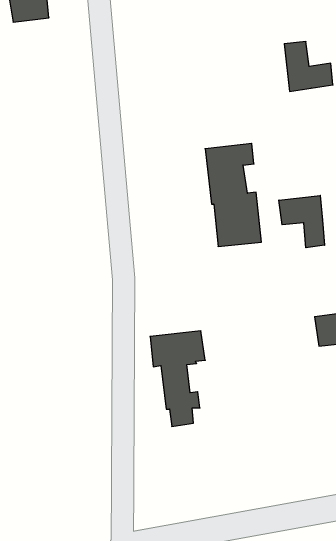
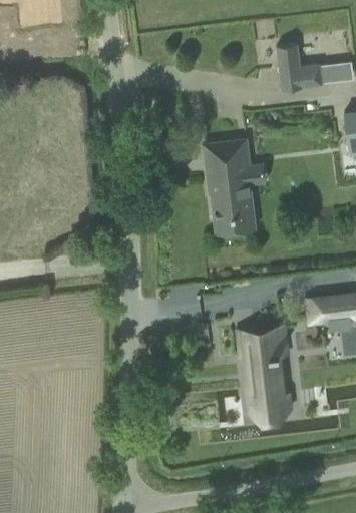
building: [279,195,325,248] -> none
building: [150,331,205,426] -> [238,327,289,415]

